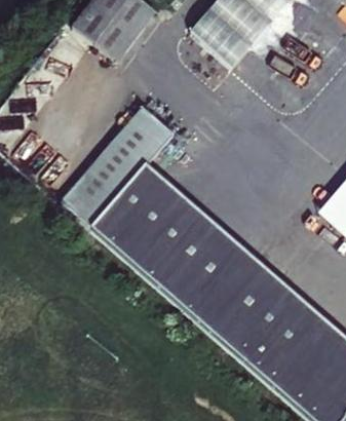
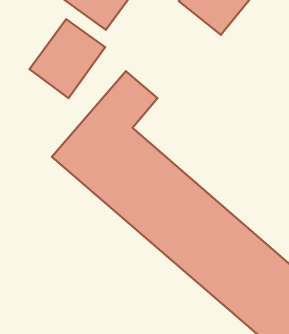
building: none -> [29,19,105,98]

